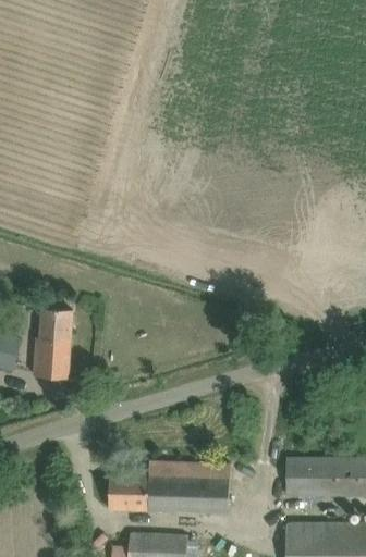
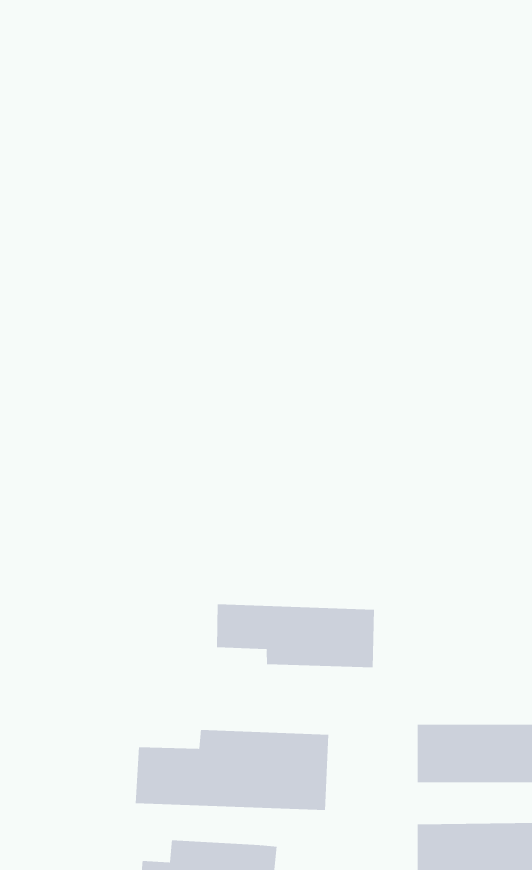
building: [34,309,72,379] -> none
building: none -> [217,603,375,668]

